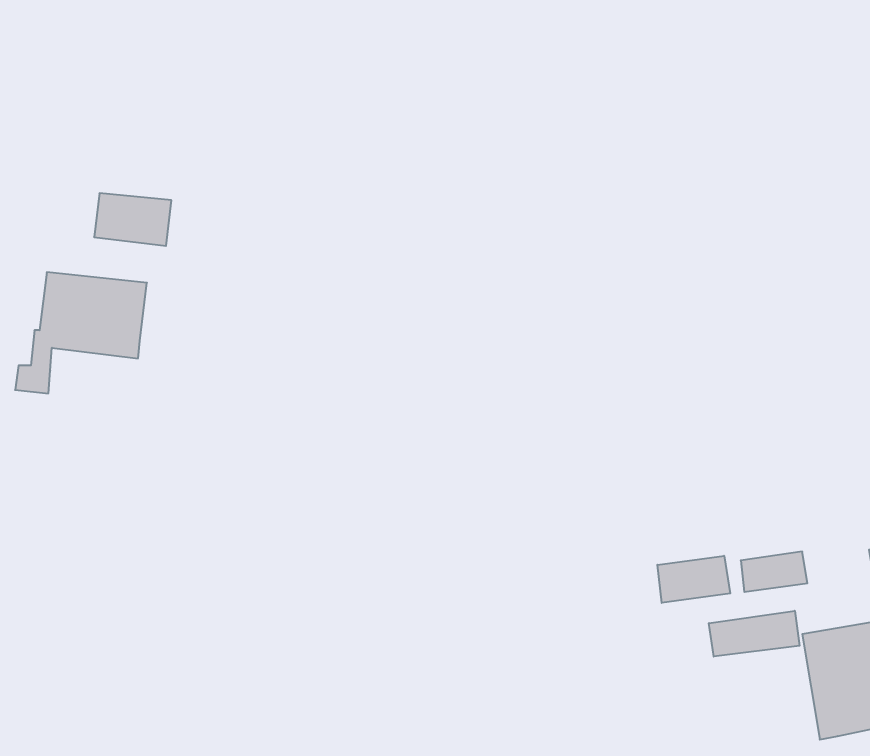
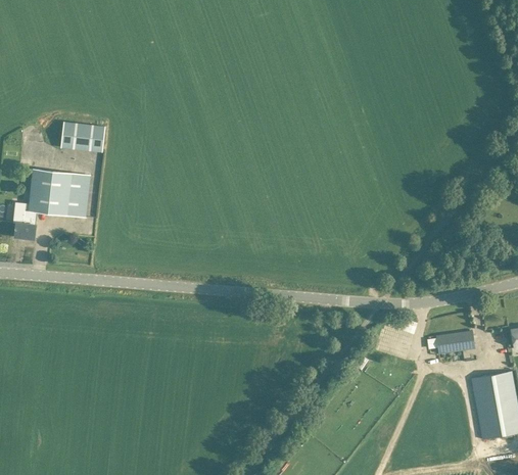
building: [657,556,730,603] -> none
building: [709,611,800,657] -> none

